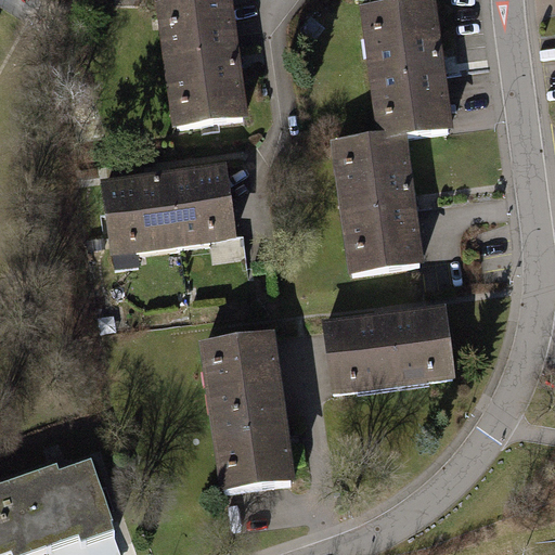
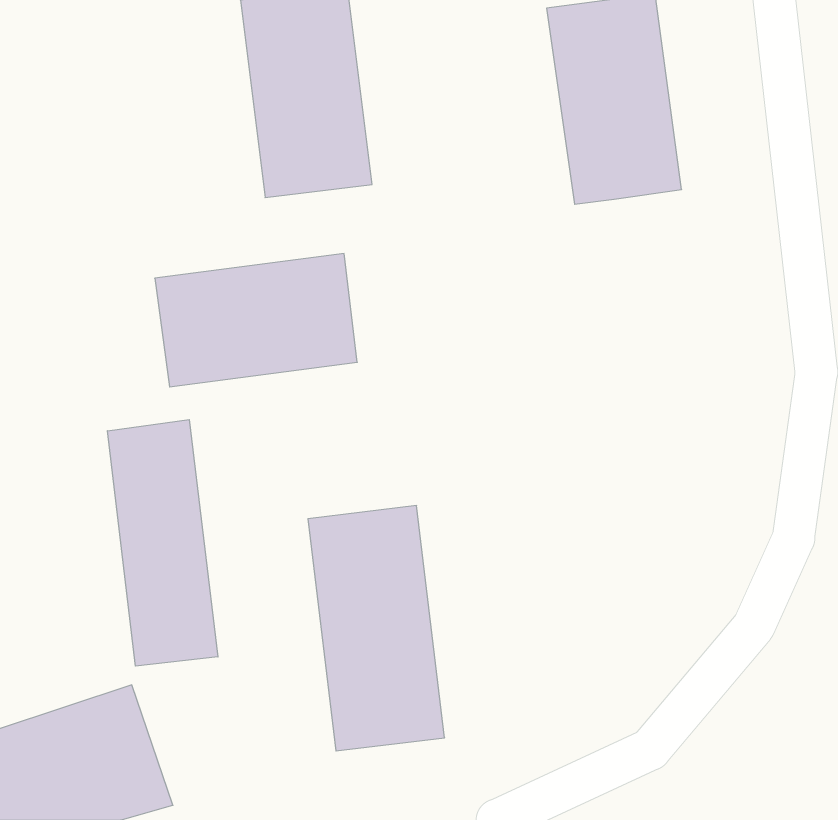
building: [334,131,423,272] -> none
building: none -> [107,420,218,666]
building: [324,309,454,393] -> none

